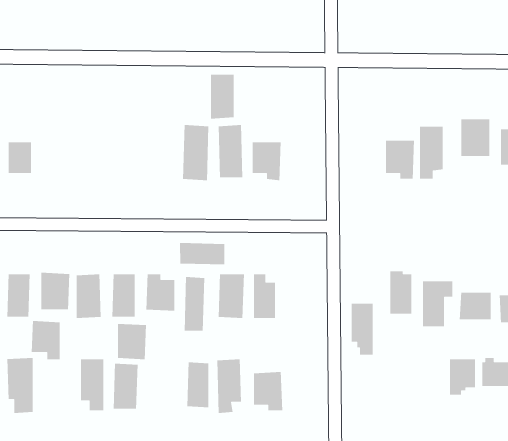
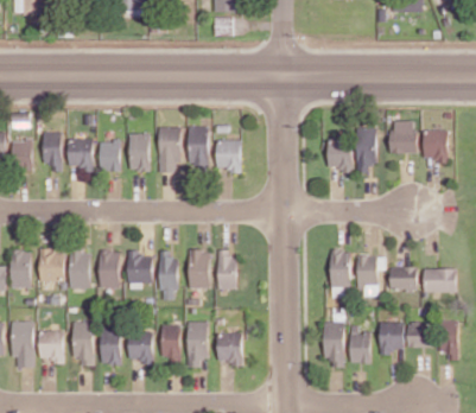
building: [210,74,234,119] -> [128,133,148,171]
building: none -> [43,132,62,171]
building: none -> [68,138,93,171]
building: none -> [99,140,120,171]
building: [179,242,225,265] -> none
building: [351,303,374,355] -> [325,322,344,366]
building: [31,320,61,360] -> [38,330,63,363]
building: [117,323,147,360] -> [128,331,153,362]
building: none -> [351,330,370,362]

